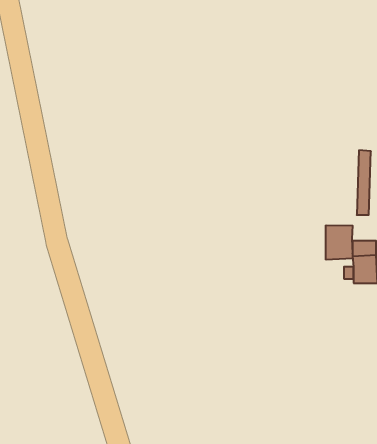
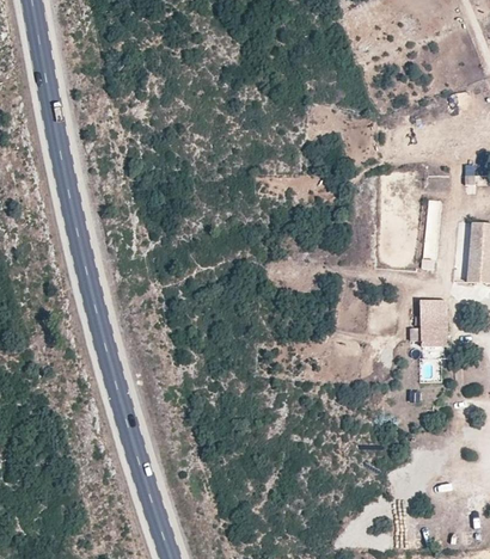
building: [326,225,353,260] -> none

